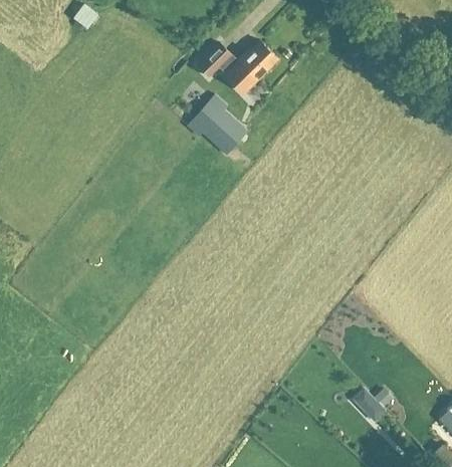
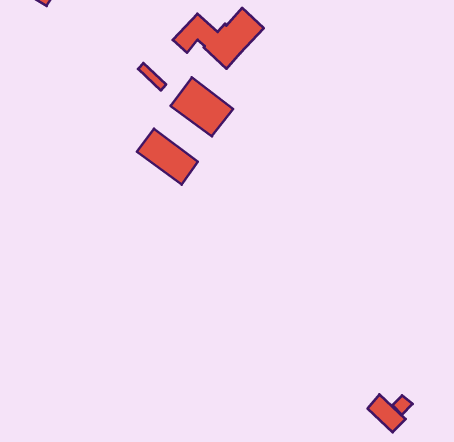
building: none -> [137,129,198,185]

